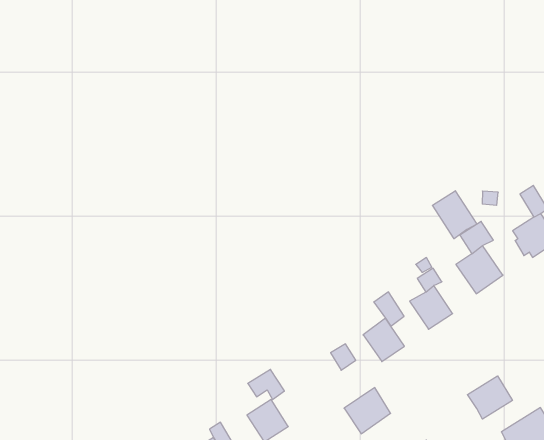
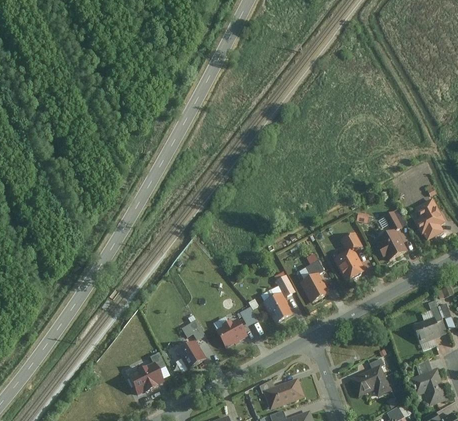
building: [432,191,477,239] -> none
building: [467,376,512,419] -> none
building: [344,388,391,434] -> [214,315,246,346]

